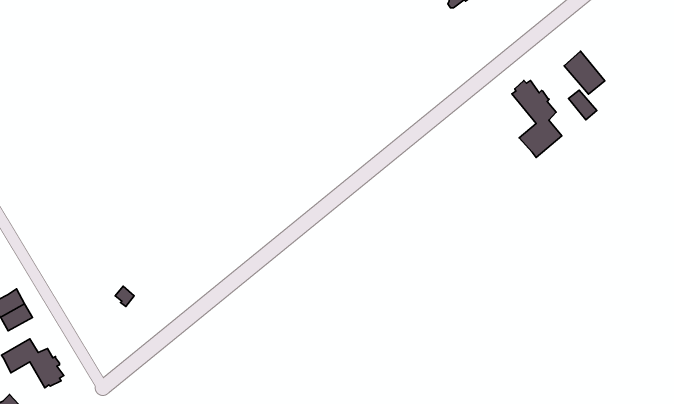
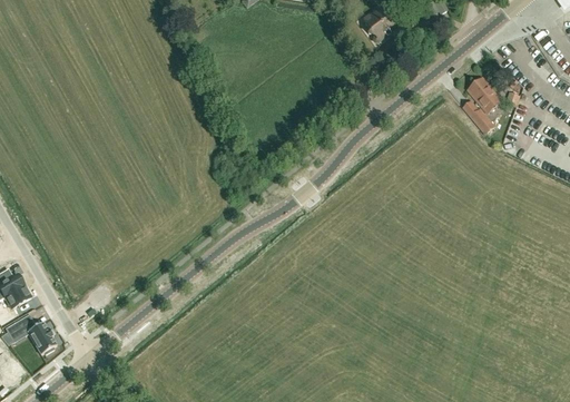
building: [512,80,562,157] -> none

